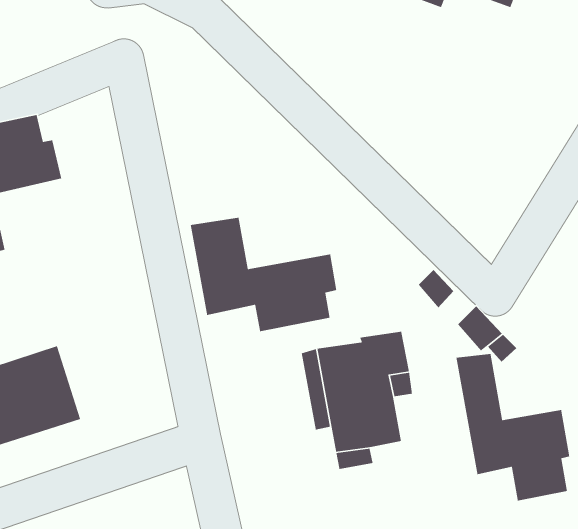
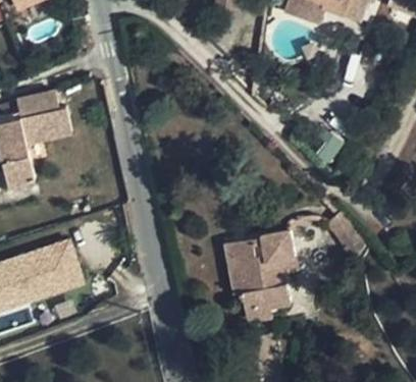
building: [190,217,337,332] -> none
building: [456,353,570,502] -> none

